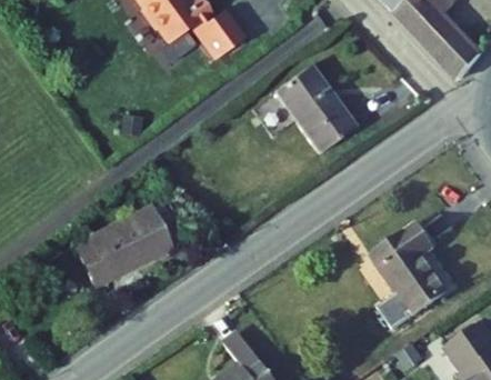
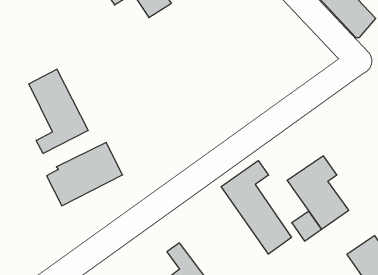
building: [274,63,357,152] -> none
building: none -> [29,69,88,153]
building: none -> [221,161,291,254]

